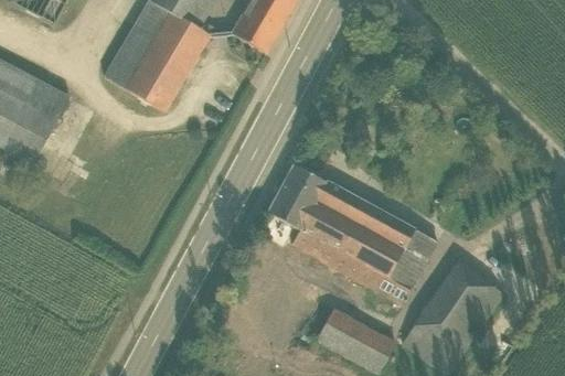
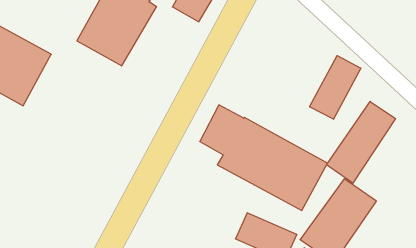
building: none -> [310,56,361,119]
building: none -> [327,101,395,183]

